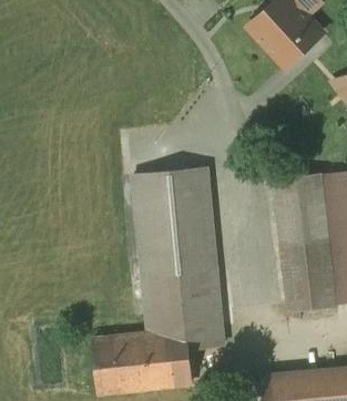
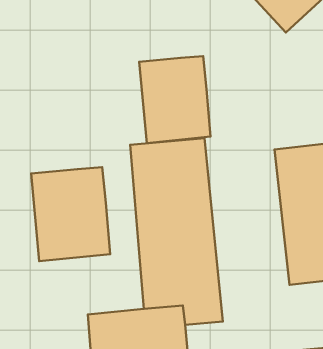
building: none -> [139,56,210,143]
building: none -> [31,167,110,261]

